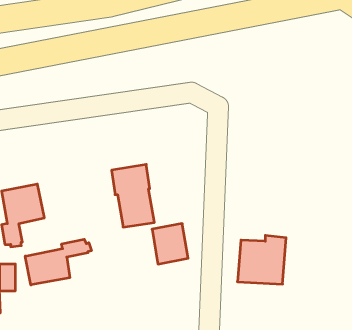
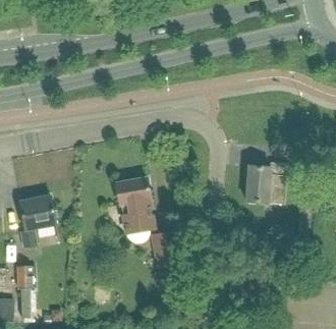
building: [237,235,286,284] -> [245,161,288,204]
building: [25,239,91,285] -> none

